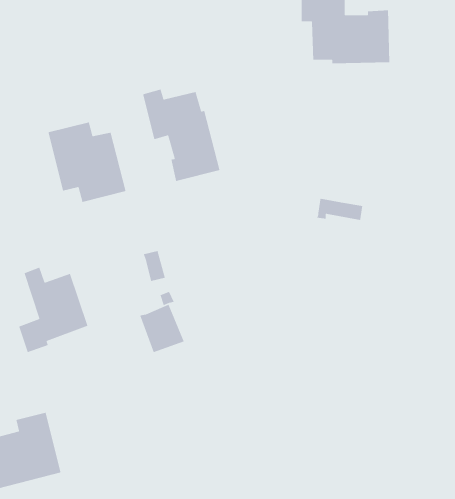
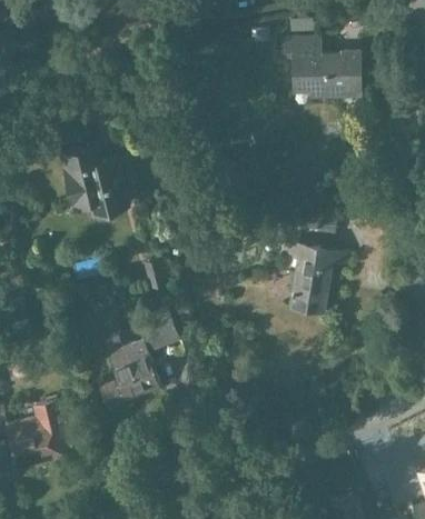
building: [142,88,220,182] -> none
building: none -> [279,243,349,313]
building: [18,266,88,353] -> [98,335,159,410]

